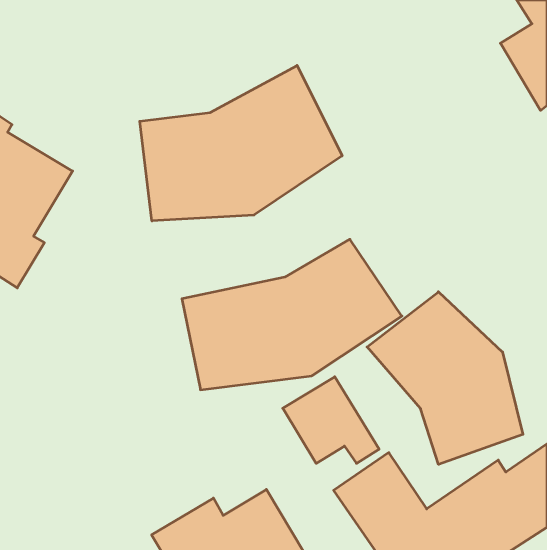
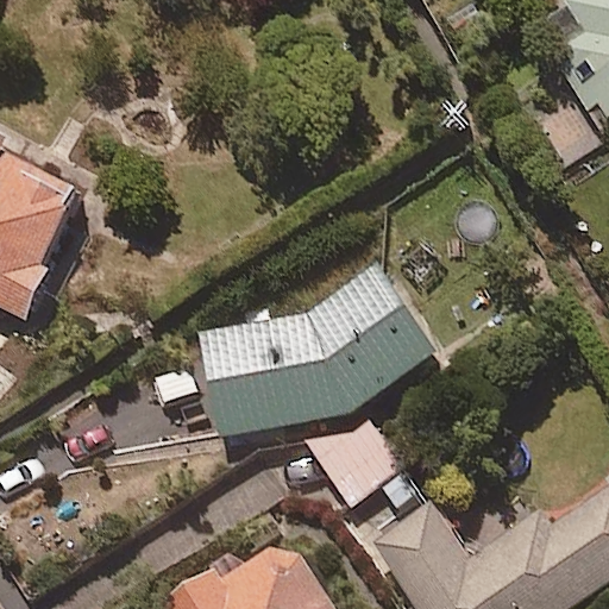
building: [140,65,342,221] -> none
building: [367,292,523,464] -> none

